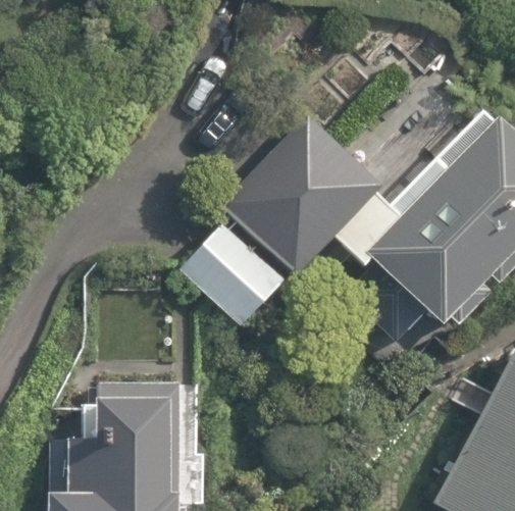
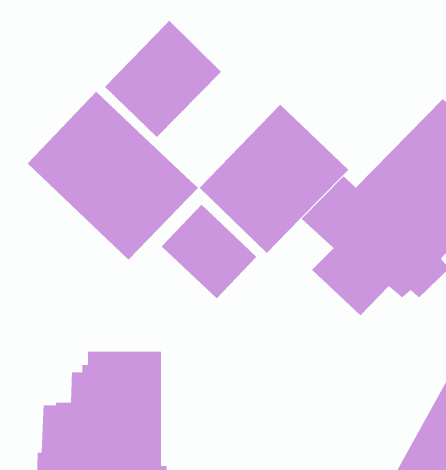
building: none -> [104,20,222,138]
building: none -> [27,91,199,260]

